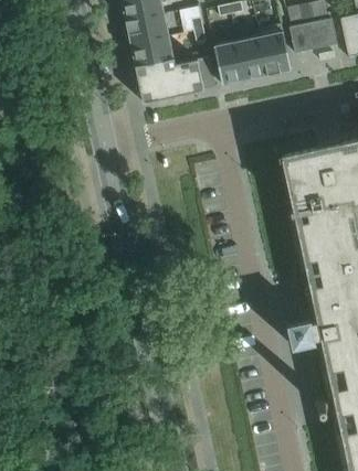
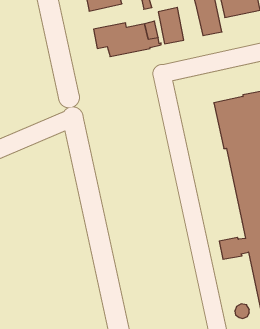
building: [129,35,173,66] -> none
building: [236,35,267,79] -> none

